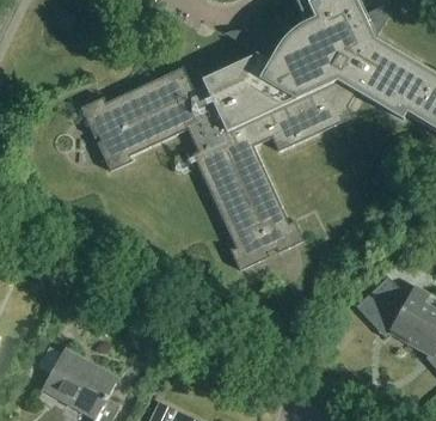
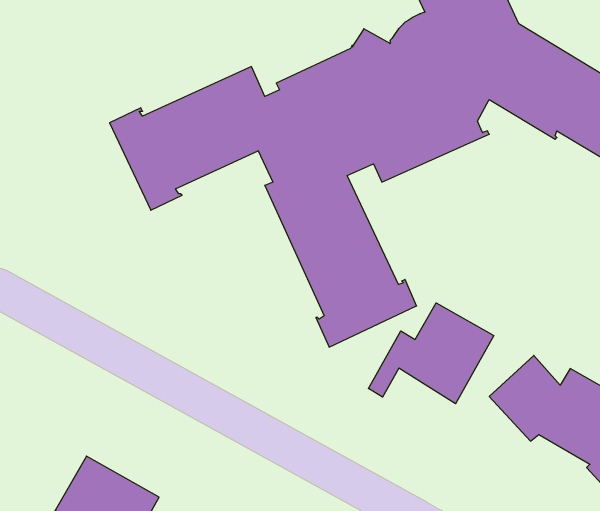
building: none -> [368,303,494,404]

